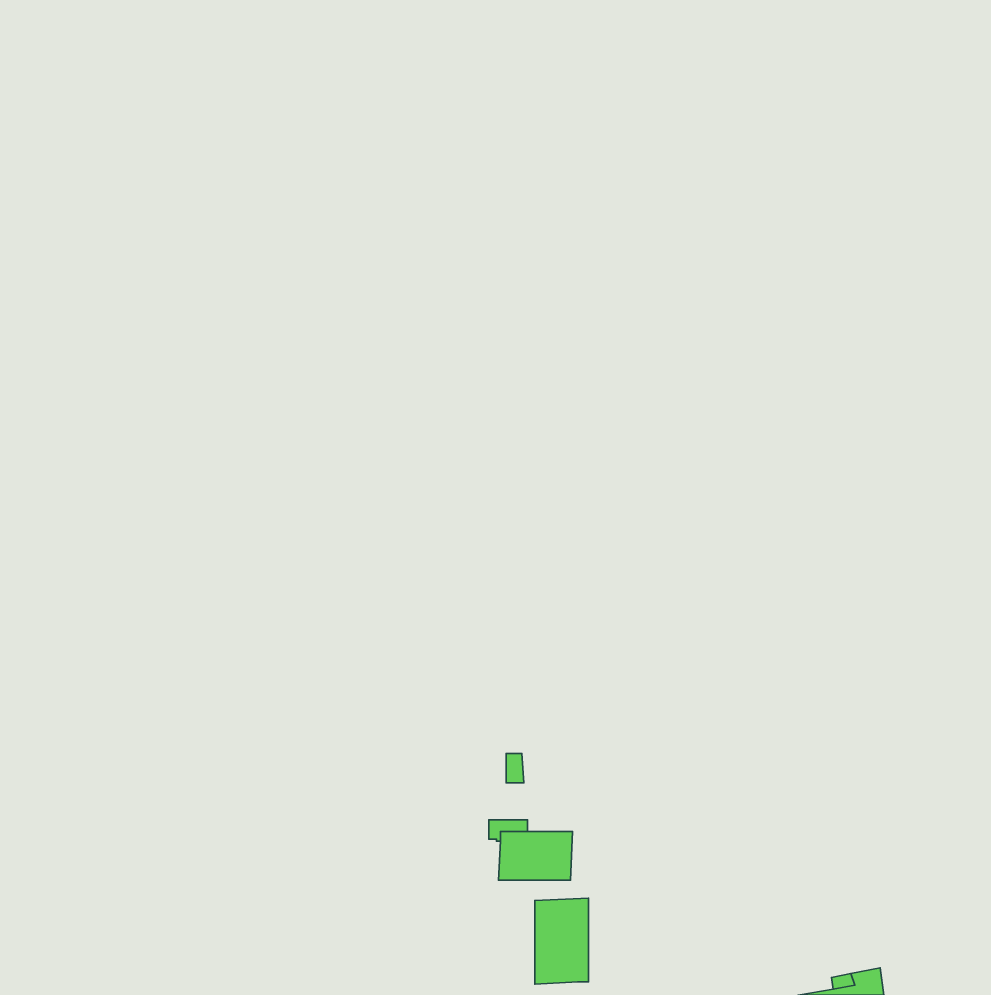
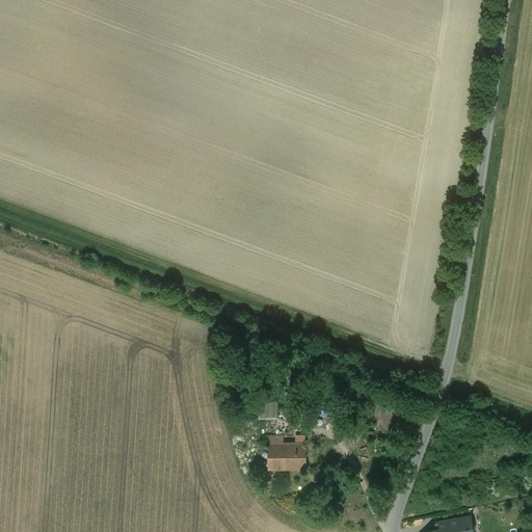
building: [535,898,589,984] -> none

